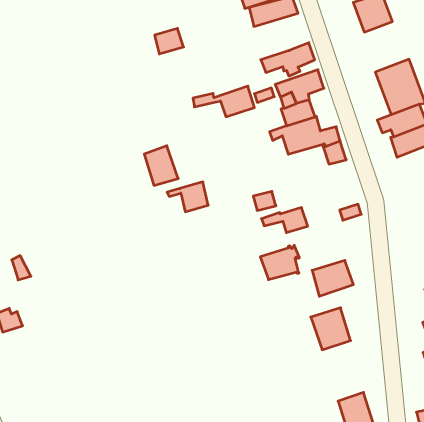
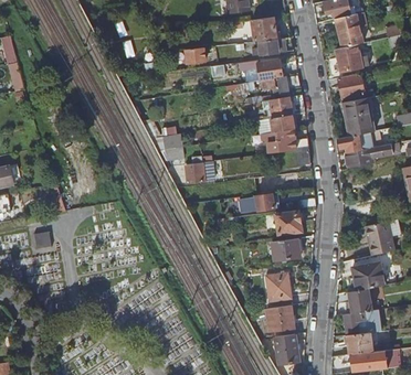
building: none -> [337,73,365,99]
building: [193,86,254,117] -> [238,60,282,79]
building: [260,245,299,280] -> [275,211,304,233]
building: none -> [267,304,294,336]

